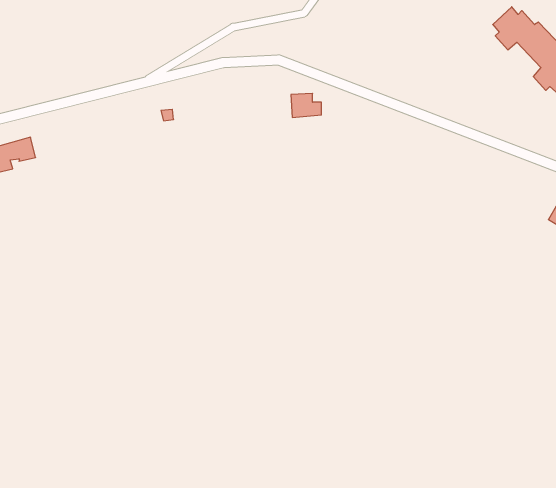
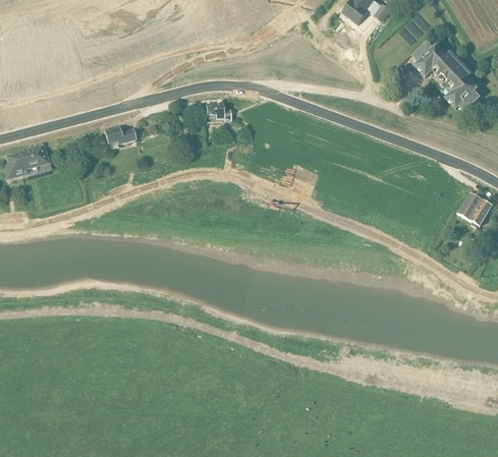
building: [291,93,321,117] -> [206,102,230,121]
building: none -> [104,125,135,144]

